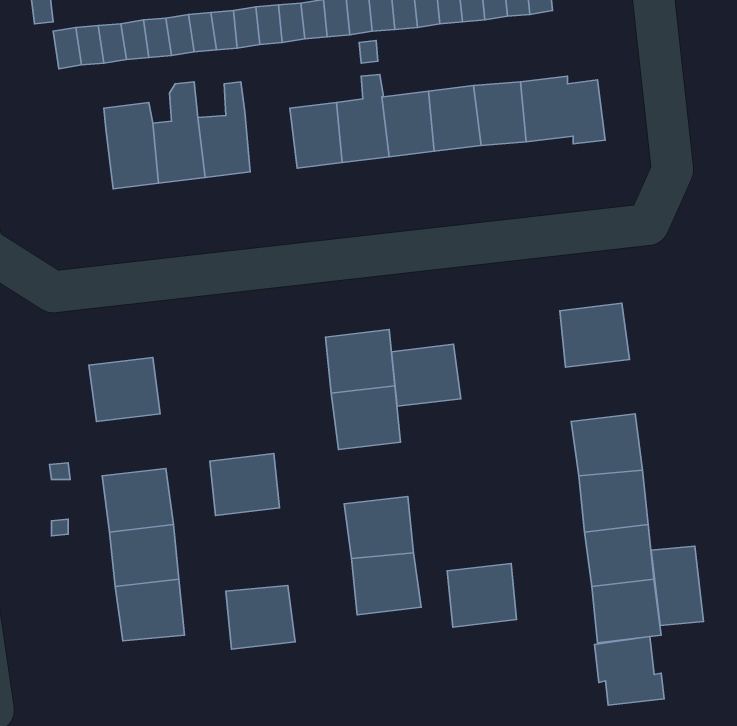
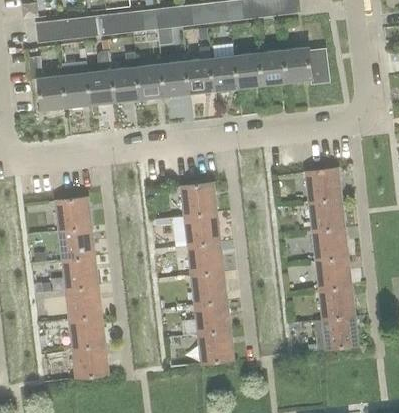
building: none -> [28,56,66,110]
building: none -> [136,64,164,98]
building: [391,344,461,406] -> [186,242,223,275]
building: none -> [307,198,344,231]
building: [210,454,279,515] -> [57,227,94,260]
building: [651,546,704,626] -> none
building: [447,563,517,627] -> [196,330,233,364]
building: [226,585,295,649] -> [71,345,108,379]
building: [594,637,664,705] -> none

